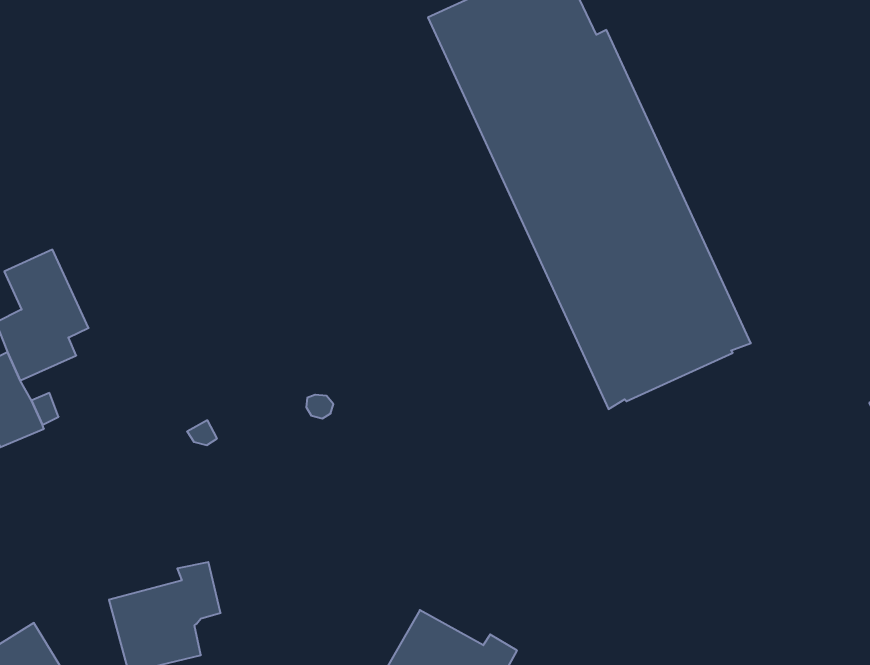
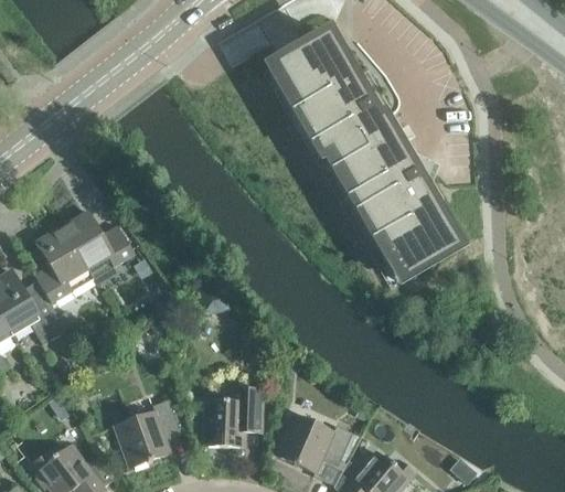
building: none -> [61,211,134,279]
building: none -> [201,387,264,446]

